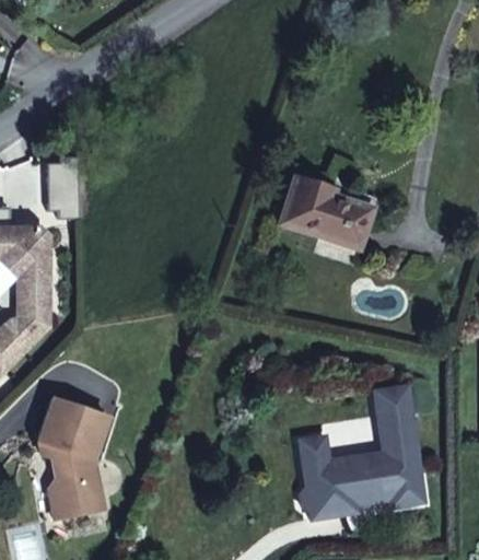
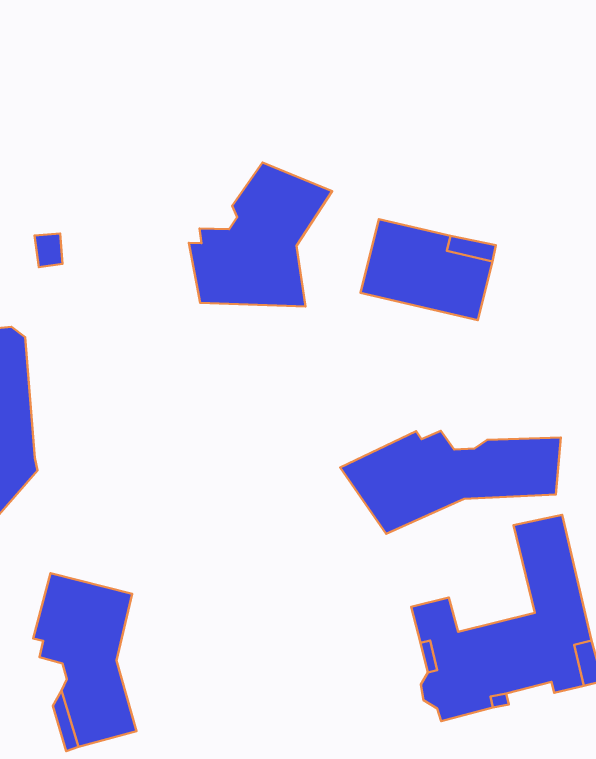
building: none -> [189,163,332,307]
building: none -> [340,431,561,534]

